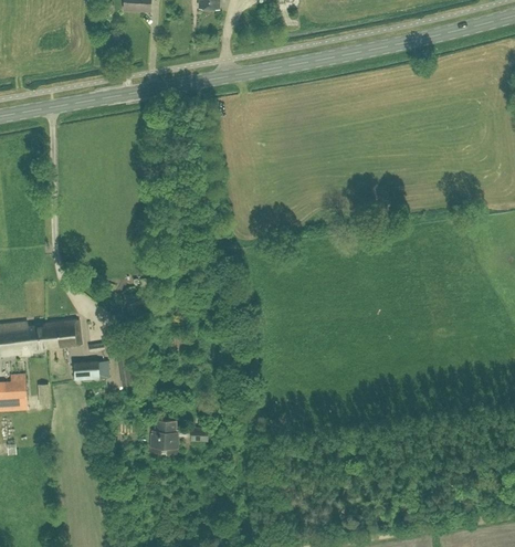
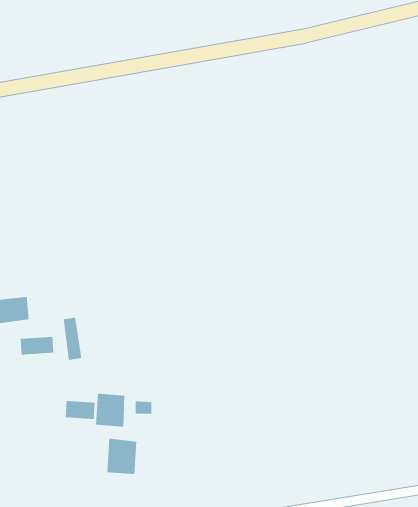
building: none -> [65,400,96,420]
building: none -> [106,438,137,475]

